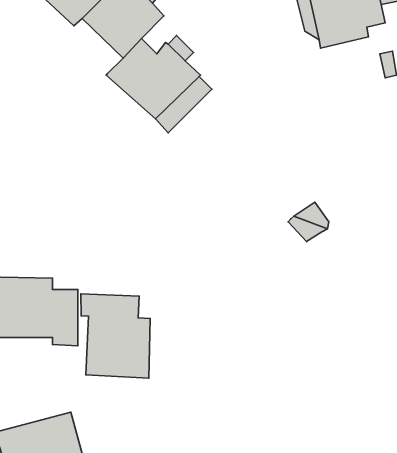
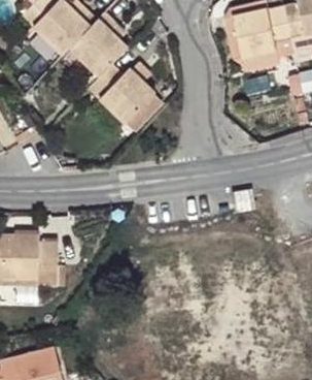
building: [81,294,150,378] -> none

